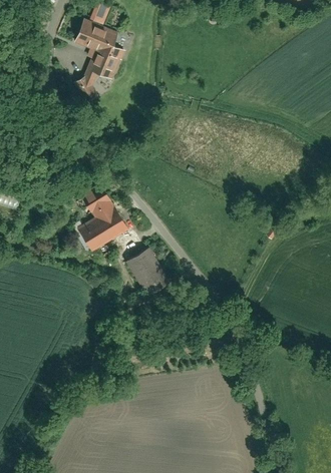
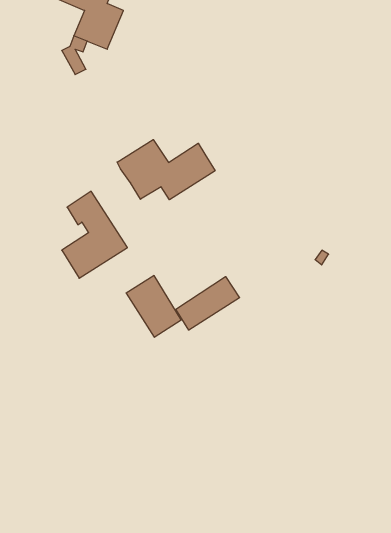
building: none -> [117,140,215,200]
building: none -> [176,277,240,330]

